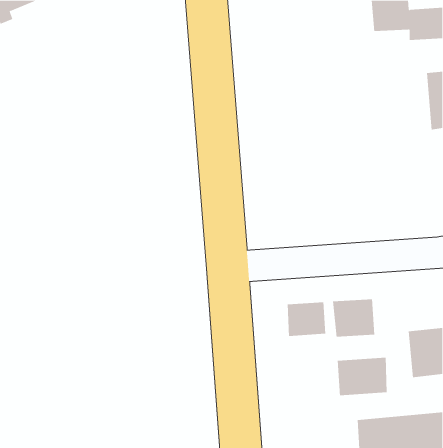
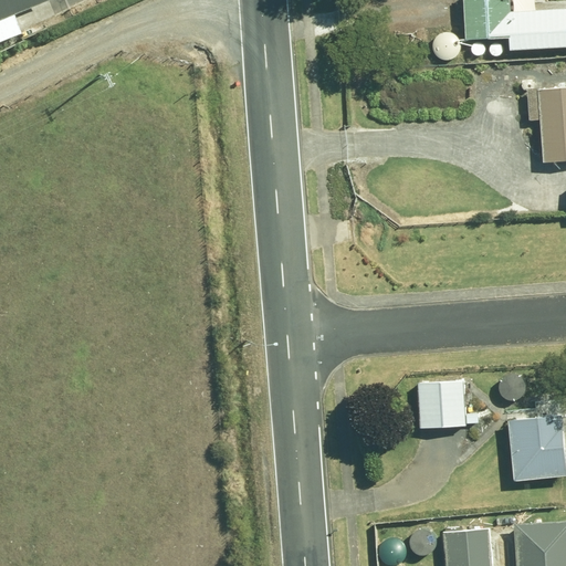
building: [287,301,326,337] -> none
building: [337,357,387,396] -> none

